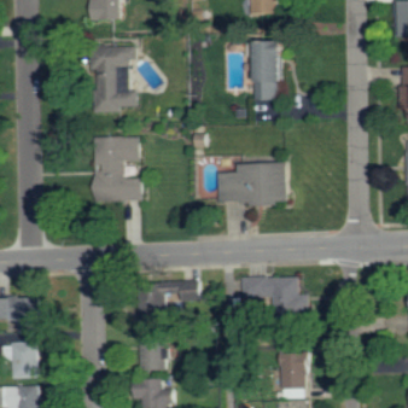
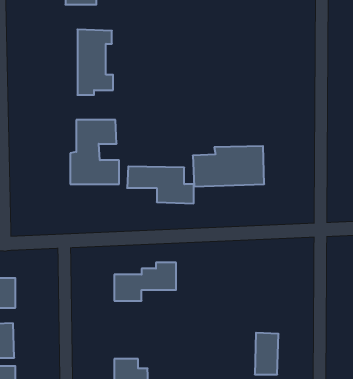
building: [255,40,284,100] -> none
building: [240,276,308,314] -> [127,166,194,203]
building: [136,333,163,371] -> none

